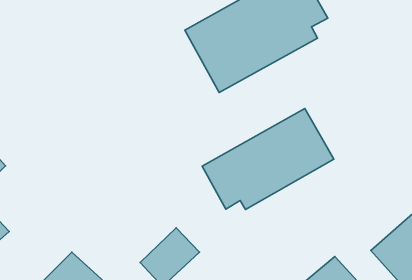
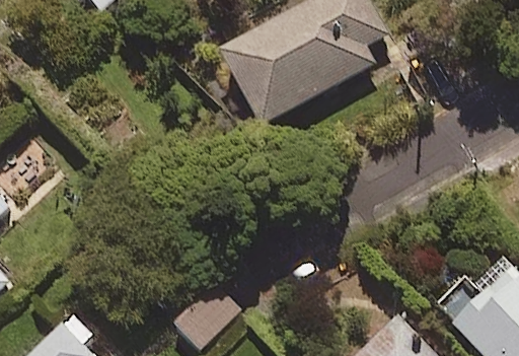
building: [202,108,334,210] -> none

